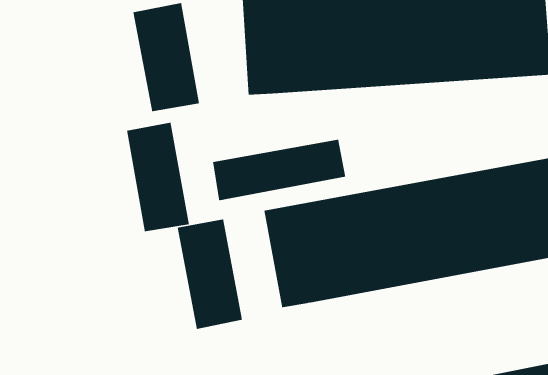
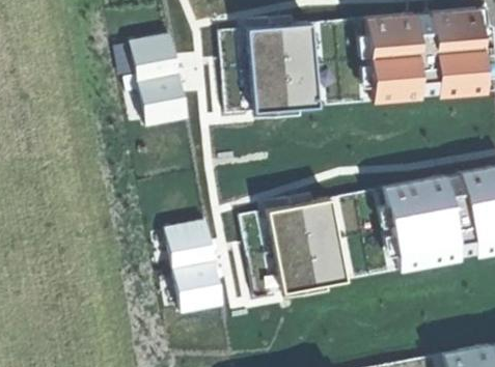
building: [126,122,189,232] -> none
building: [213,139,346,201] -> none

